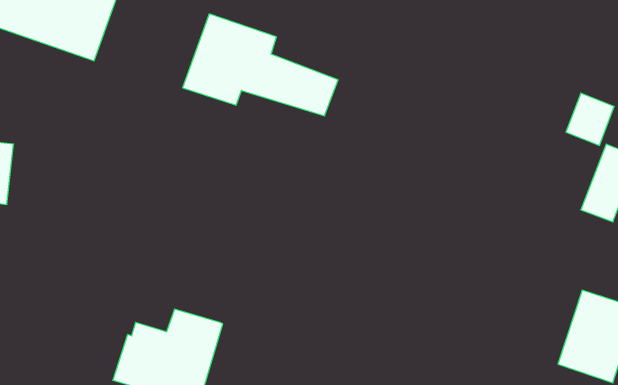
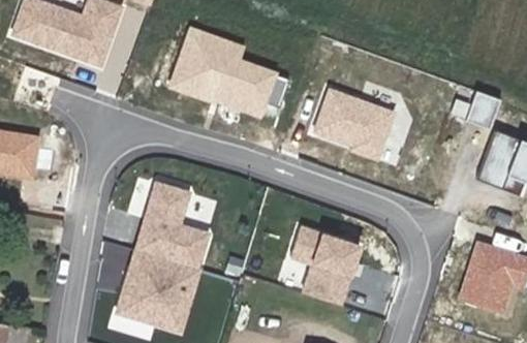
building: none -> [312,89,394,160]
building: none -> [134,182,208,267]
building: none -> [289,224,361,303]

